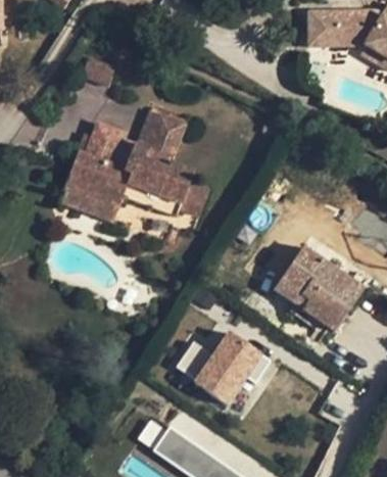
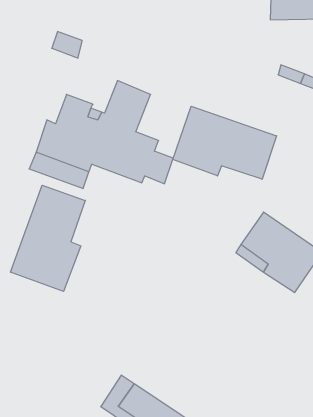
building: none -> [173,106,277,179]
building: none -> [11,185,85,291]
building: [175,330,269,402] -> none

